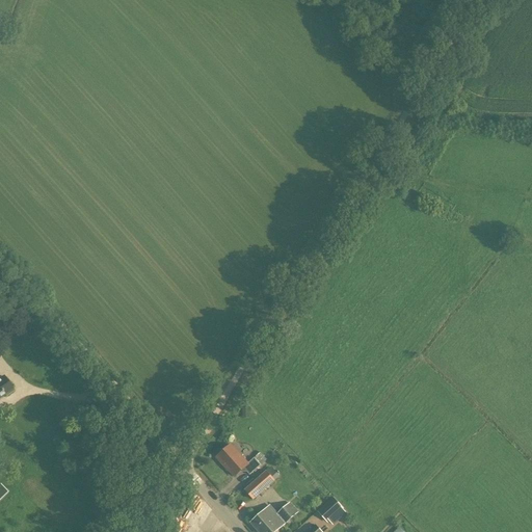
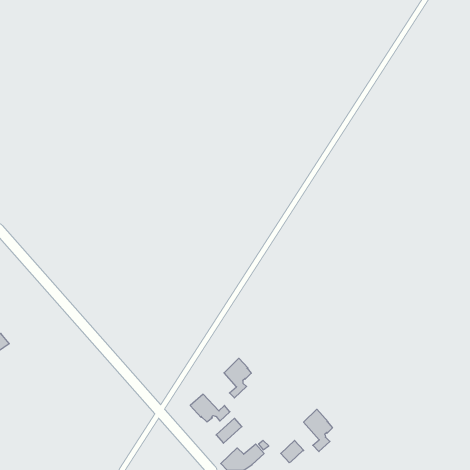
building: none -> [224,358,251,398]
building: none -> [304,409,332,452]

